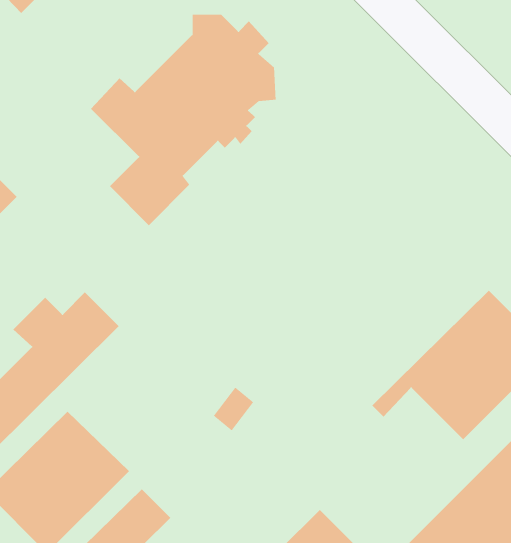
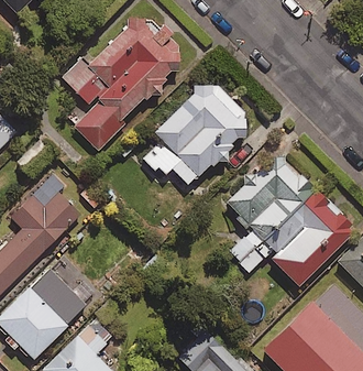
building: none -> [142,83,248,185]
building: none -> [226,161,316,264]

